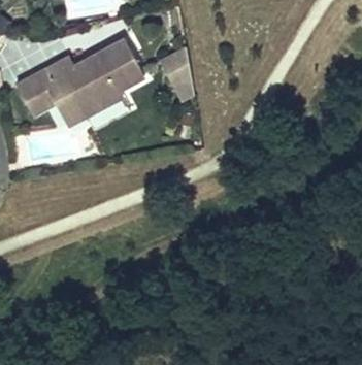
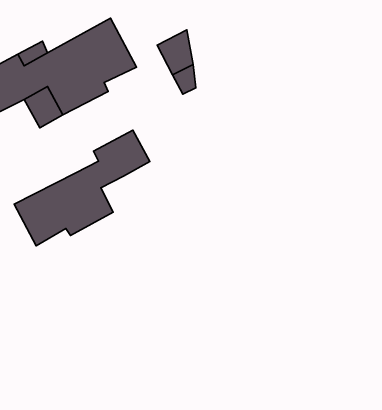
building: none -> [14,130,150,246]

